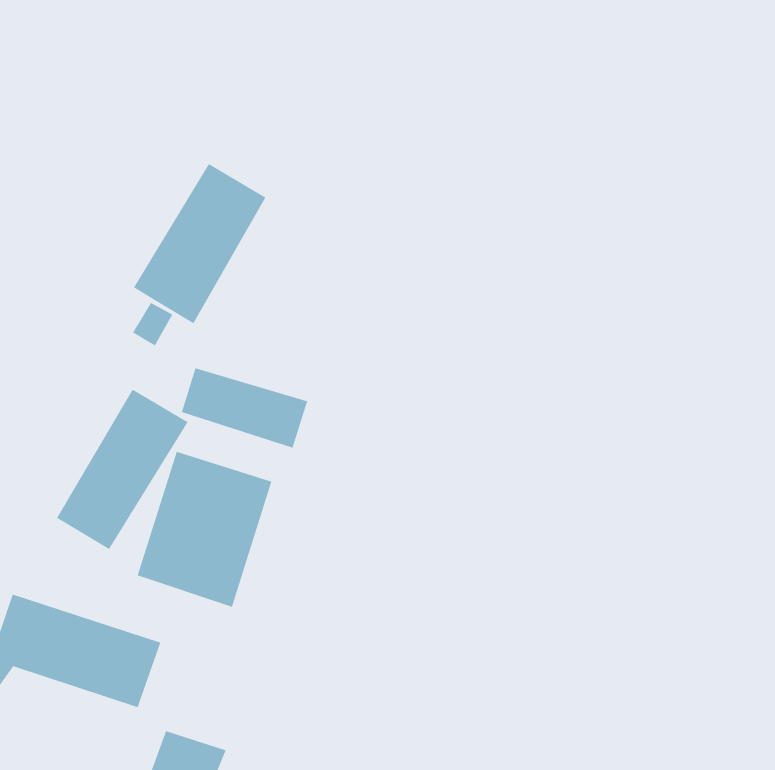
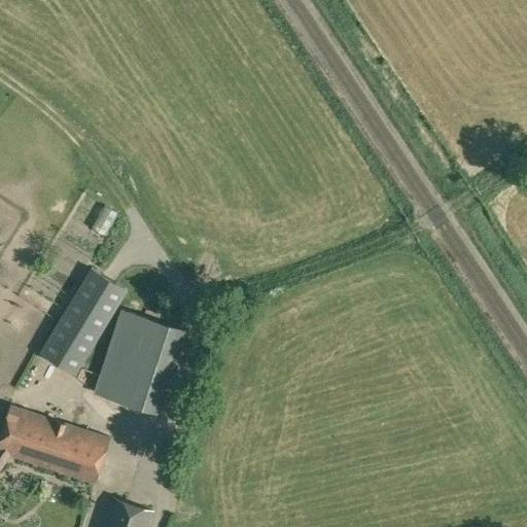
building: [133,163,266,324] -> none
building: [181,367,308,448] -> none

